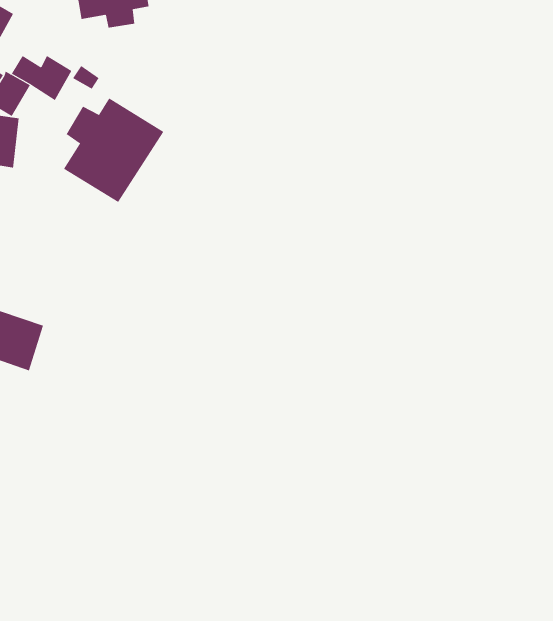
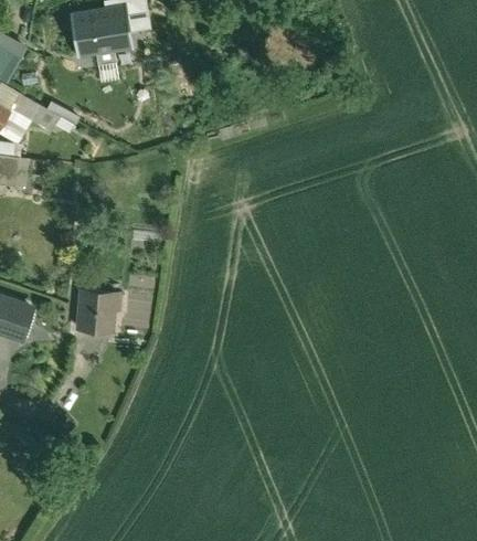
building: [63,98,164,203] -> none
building: none -> [72,285,118,332]

